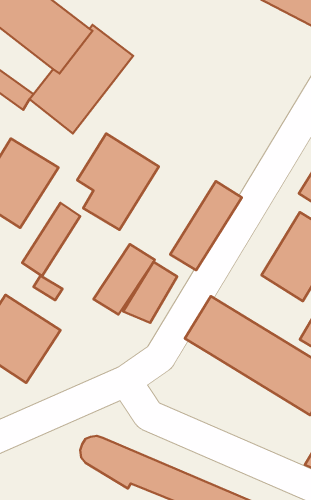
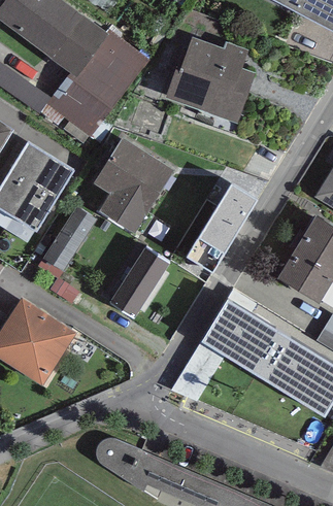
building: none -> [166,36,255,122]
building: [123,262,177,323] -> [170,340,224,401]

